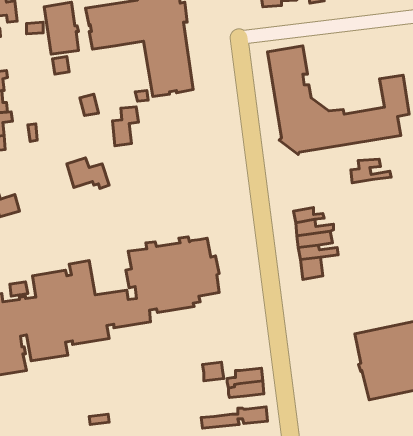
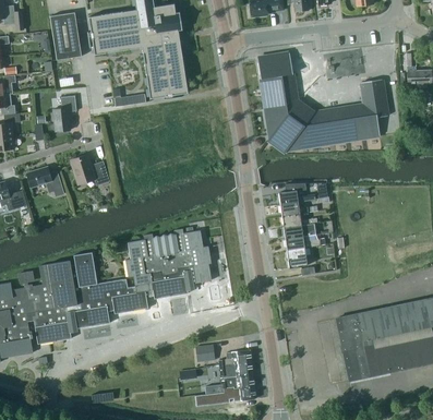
building: [113,107,139,146] -> [53,96,77,132]
building: [351,159,391,183] -> [279,183,316,205]
building: none -> [27,166,64,196]
building: none -> [206,374,255,395]

